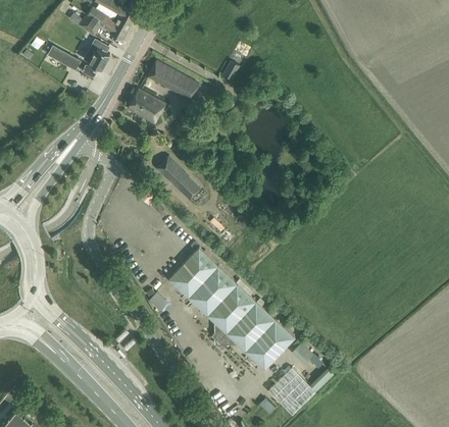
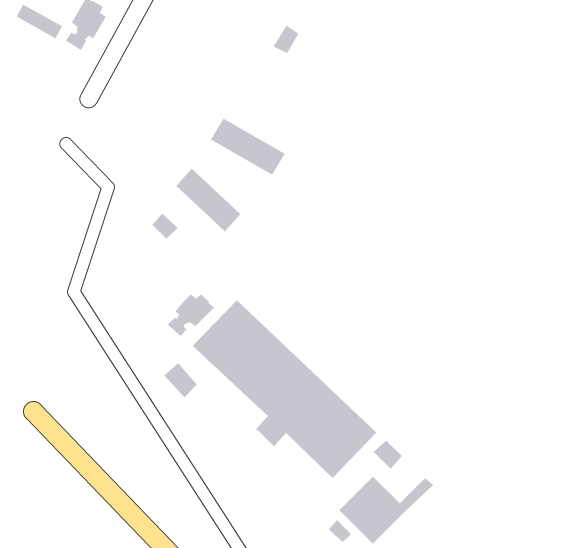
building: [147,60,199,100] -> [210,117,286,176]
building: [126,88,164,123] -> none
building: none -> [167,294,215,337]

